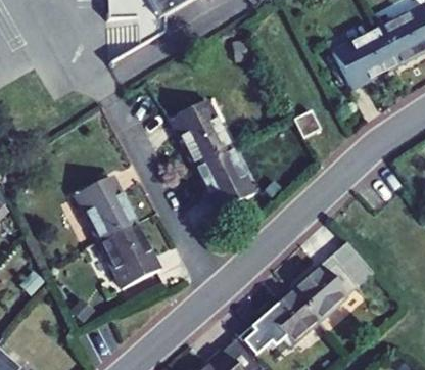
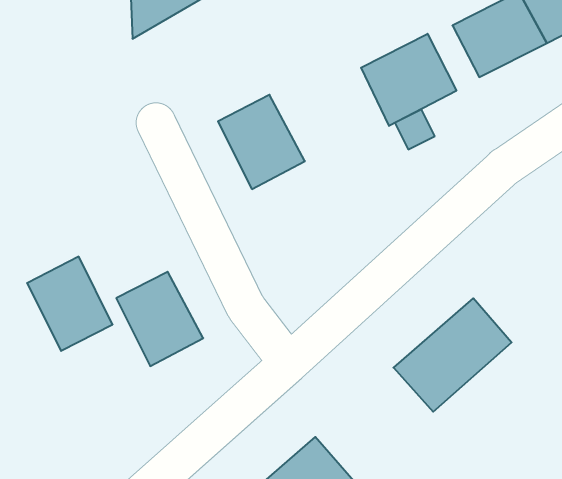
building: none -> [361,34,456,126]
building: [193,146,253,212] -> none
building: [76,176,135,241] -> [27,257,113,351]
building: [252,289,319,355] -> none

